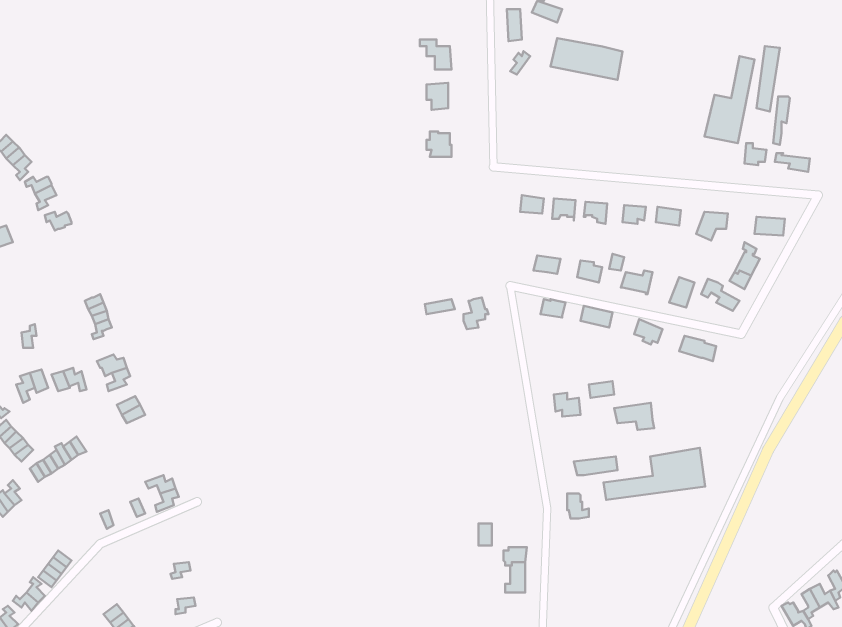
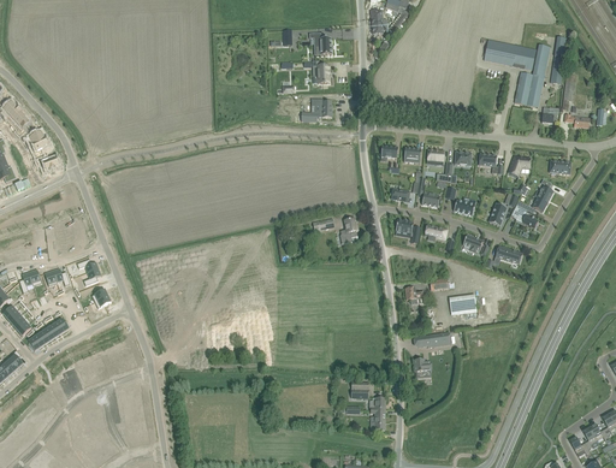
building: [550,38,622,80] -> [482,40,534,70]
building: [603,448,705,500] -> none

